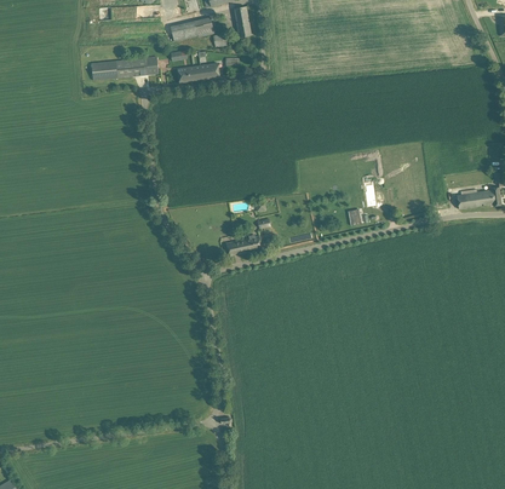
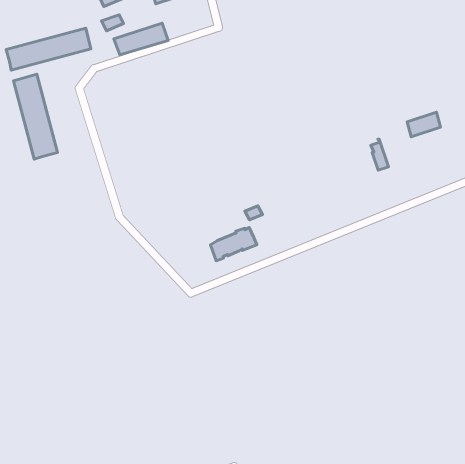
building: none -> [13,74,58,159]

